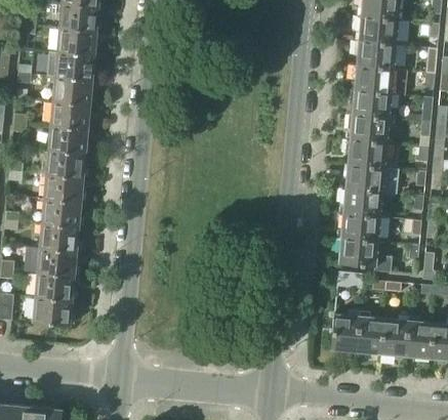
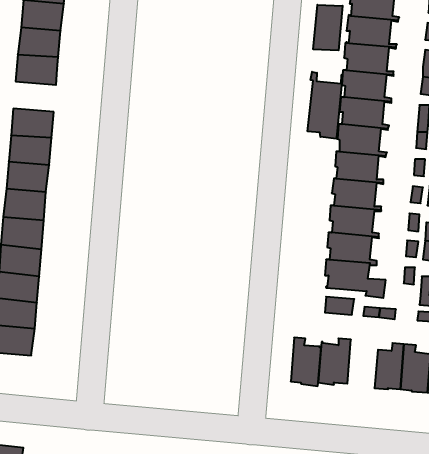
building: none -> [313,5,343,50]
building: none -> [308,72,343,139]
building: [53,76,92,103] -> none
building: [358,310,385,354] -> [291,338,321,386]

